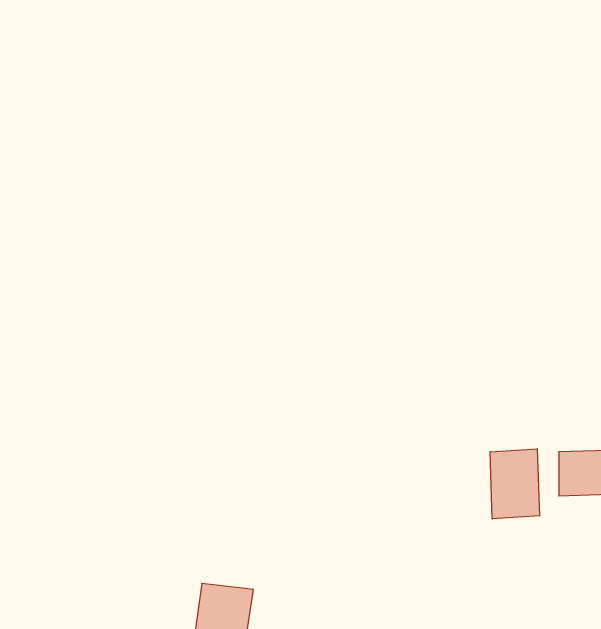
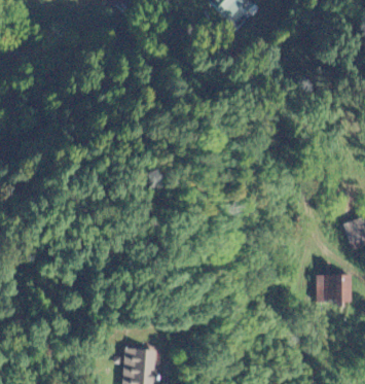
building: [490,449,539,519] -> none

